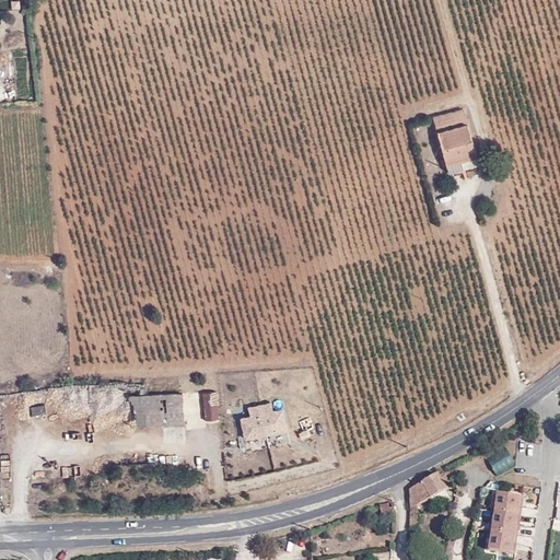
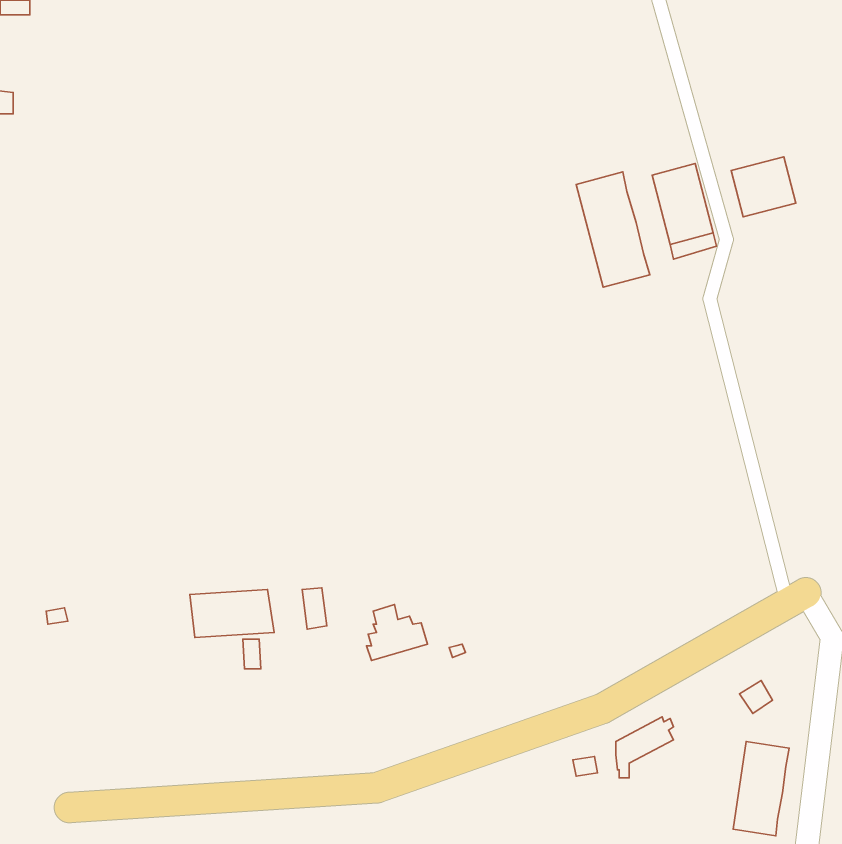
building: none -> [731,157,796,217]
building: none -> [576,172,650,287]

